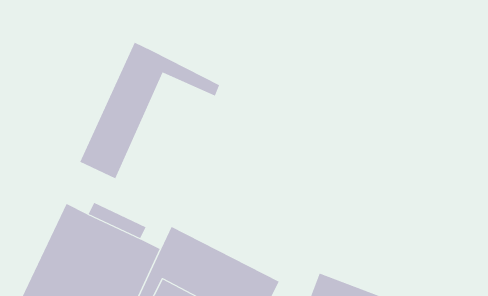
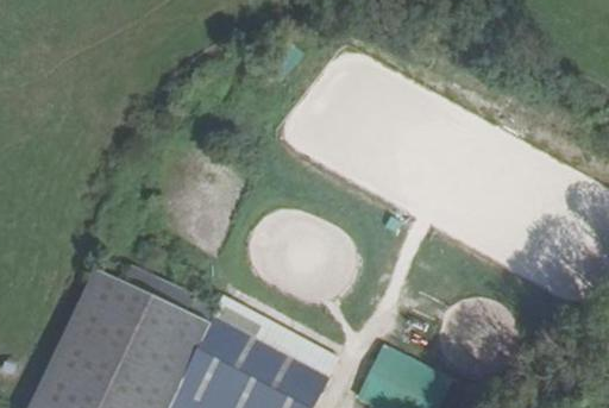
building: [80,42,220,179] -> none

